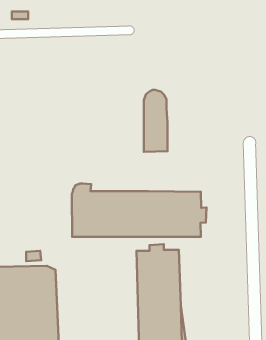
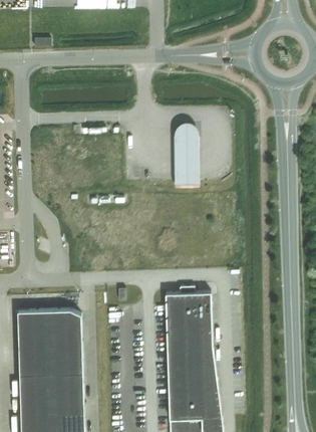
building: [72,183,206,237] -> none

